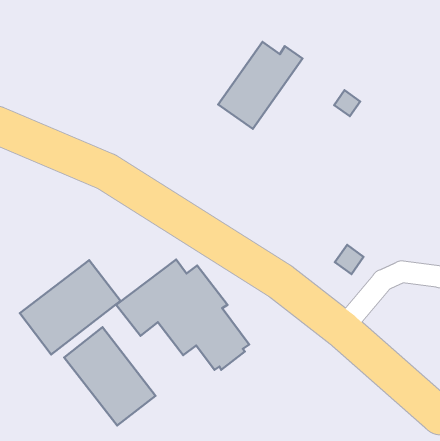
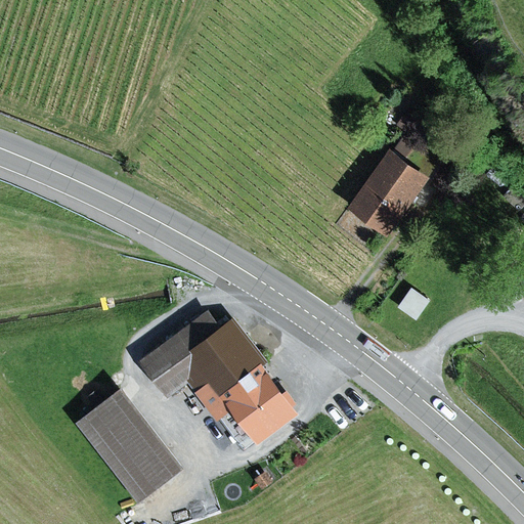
building: [218,42,302,129] -> [346,134,445,236]
building: [20,260,121,355] -> none

